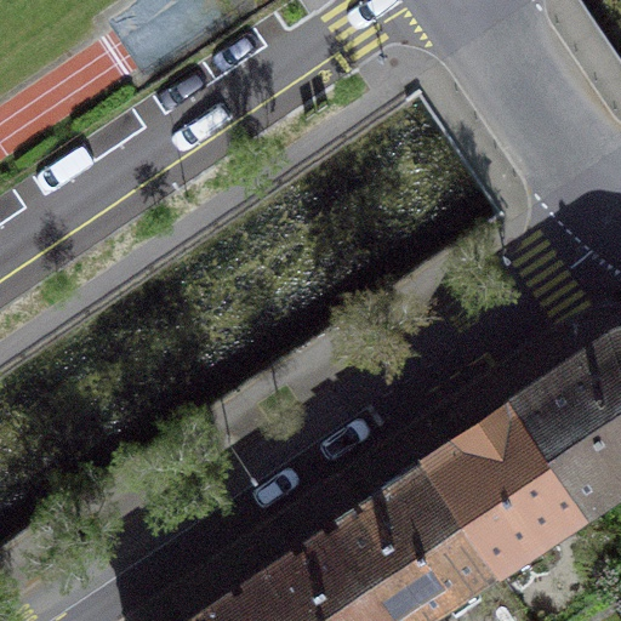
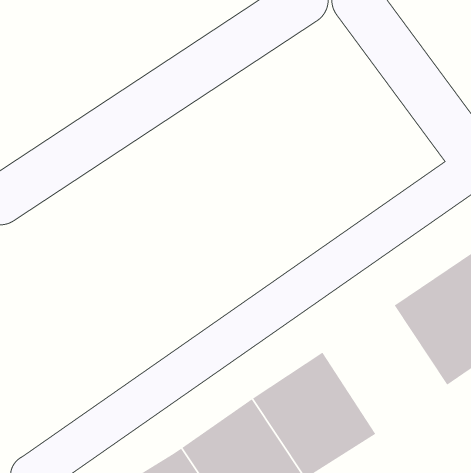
building: [427,401,588,569] -> none

